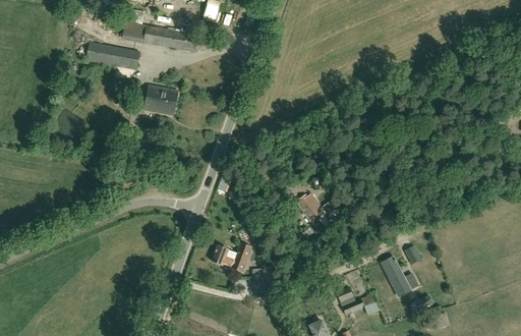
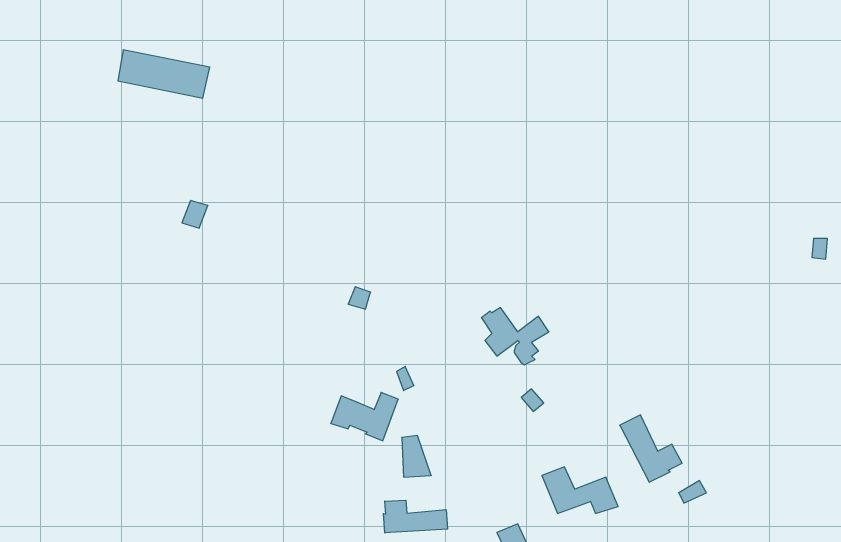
building: [123,21,195,50] -> none
building: [144,86,178,115] -> none
building: none -> [383,500,448,533]

